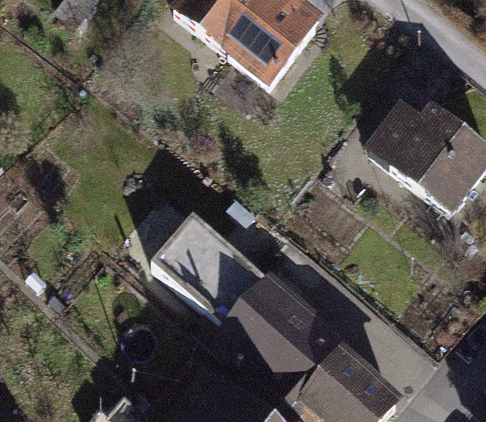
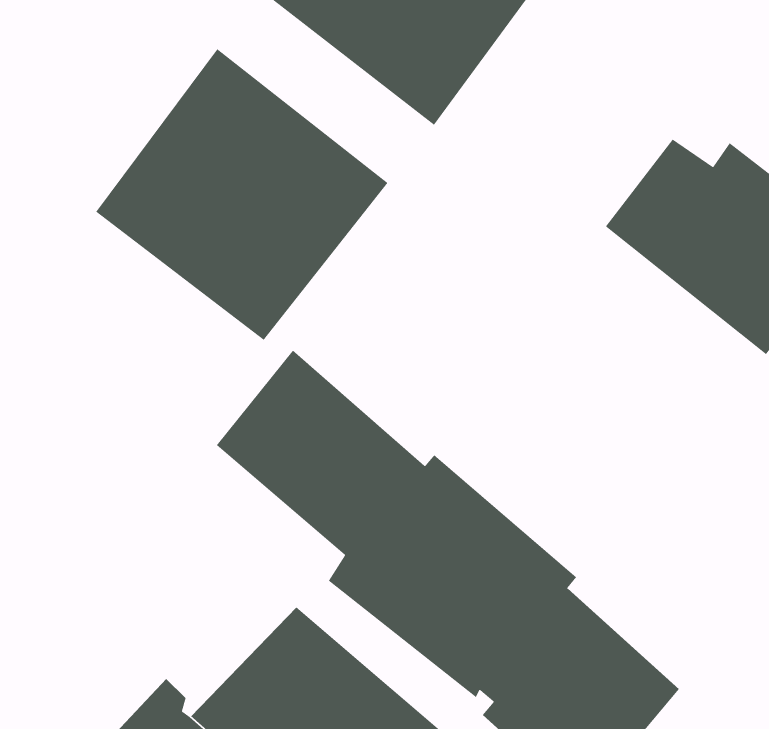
building: none -> [95,48,389,341]

